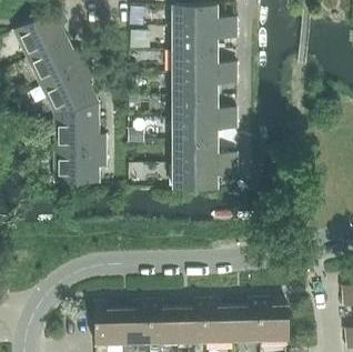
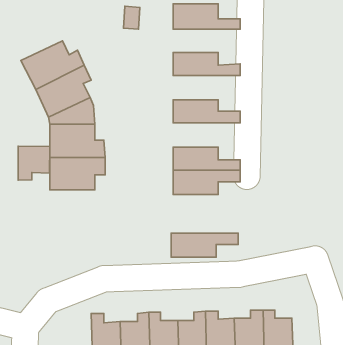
building: [13,8,68,59] -> none
building: [173,29,238,51] -> none
building: [173,73,238,97] -> none
building: [173,119,238,142] -> [171,233,238,257]
building: none -> [18,146,50,180]

